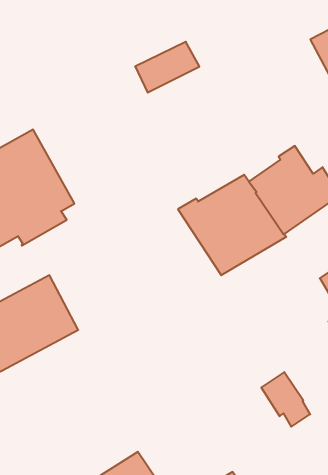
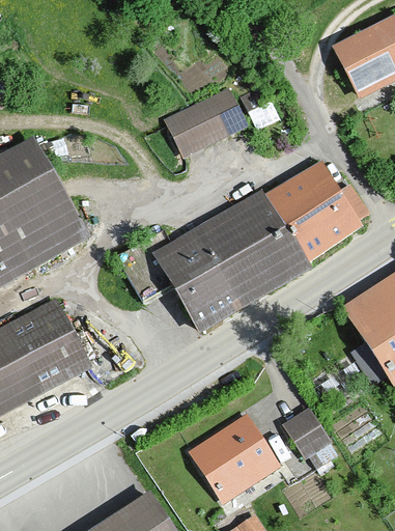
building: [135,42,199,93] -> [171,94,241,149]
building: none -> [115,227,241,332]
building: none -> [193,416,277,499]

